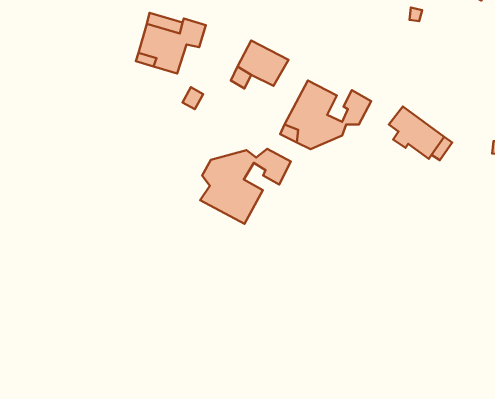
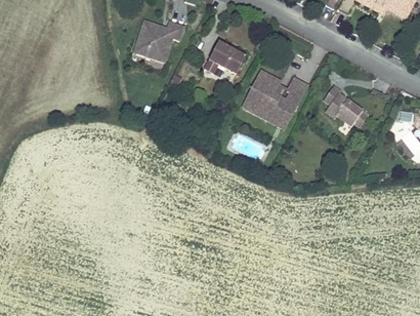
building: none -> [263,101,299,129]
building: [200,149,291,224] -> none

